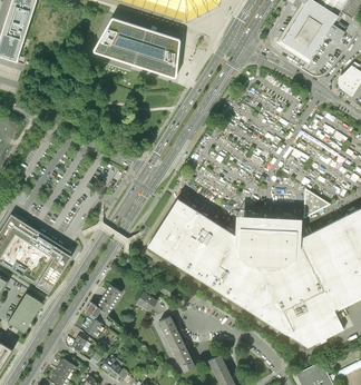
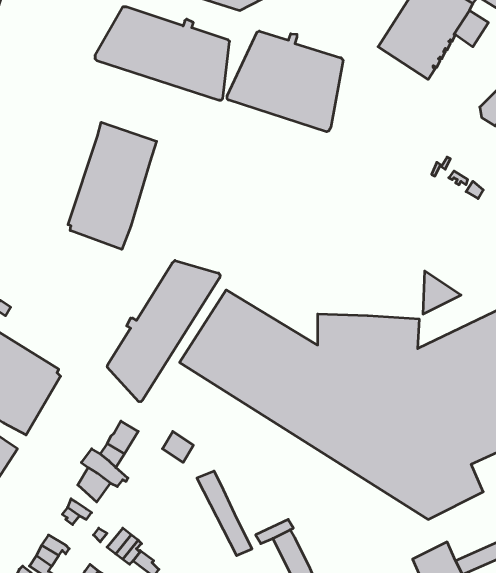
building: none -> [227,31,343,132]
building: none -> [68,122,157,249]
building: none -> [107,260,220,402]

